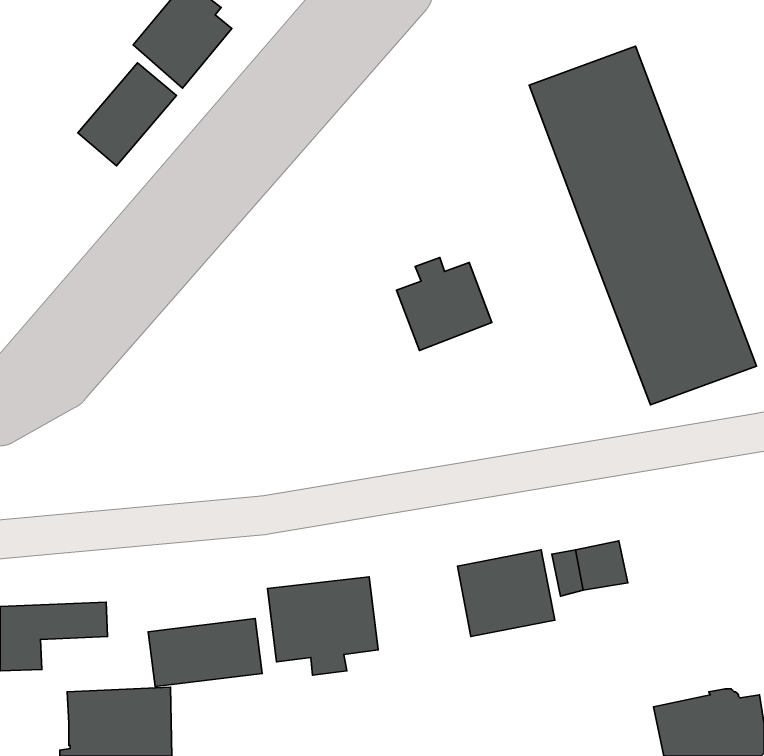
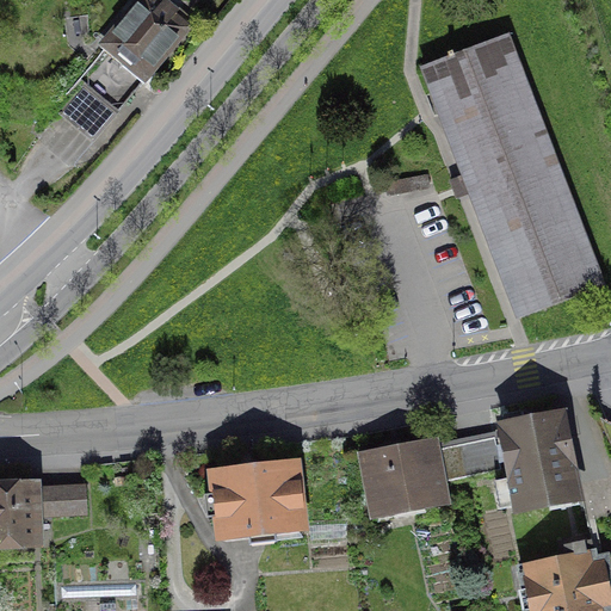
building: [397,258,492,350] -> none
building: none -> [500,412,580,502]
building: [148,619,262,687] -> none

